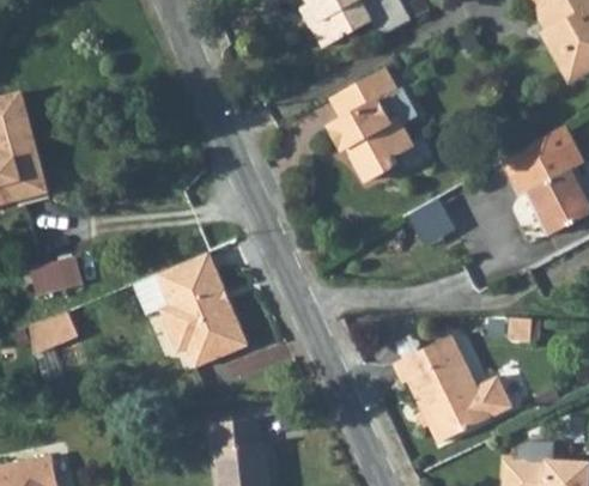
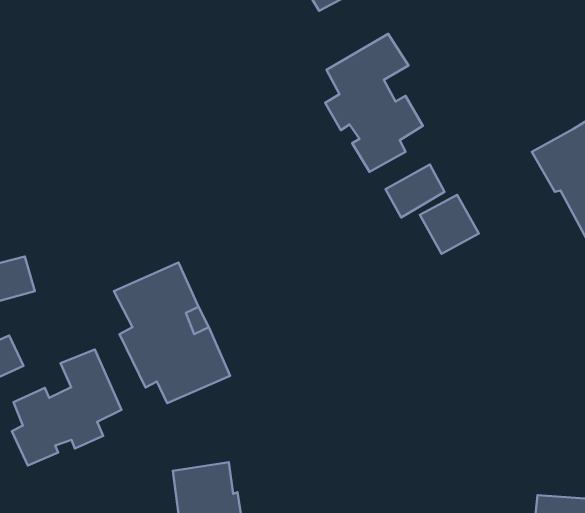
building: none -> [386,165,445,217]
building: [396,328,514,435] -> none
building: none -> [12,349,122,466]

